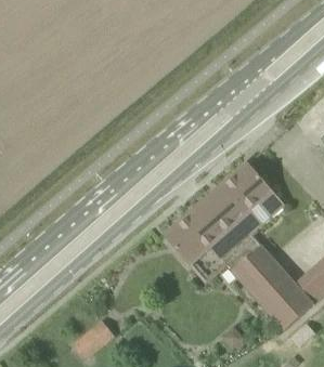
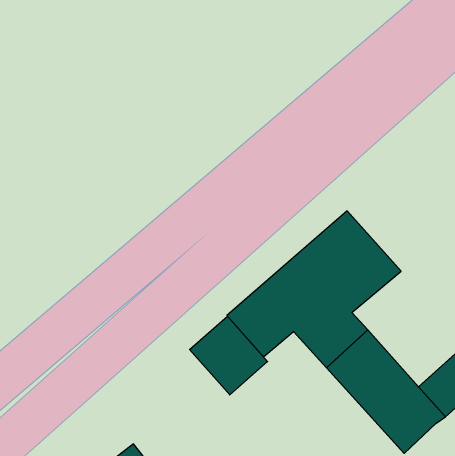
building: none -> [190,316,268,395]

